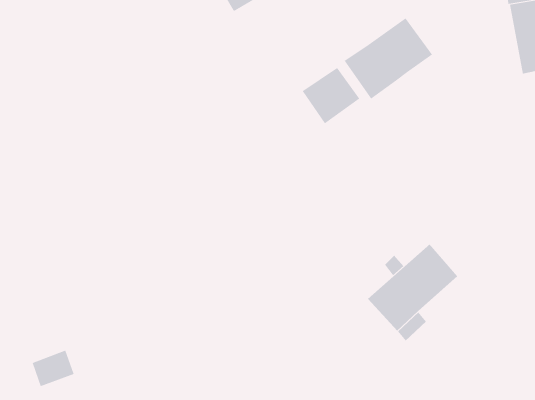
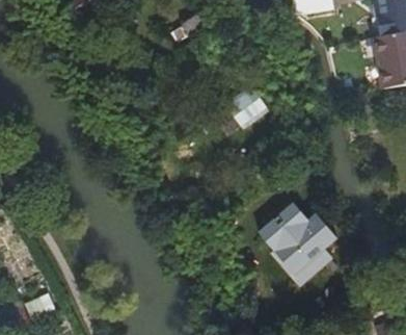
building: [344,17,433,99] -> none

